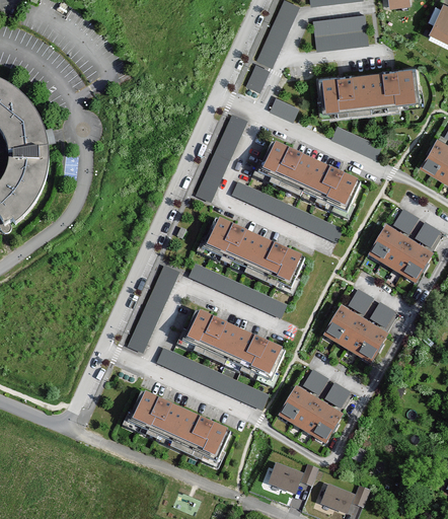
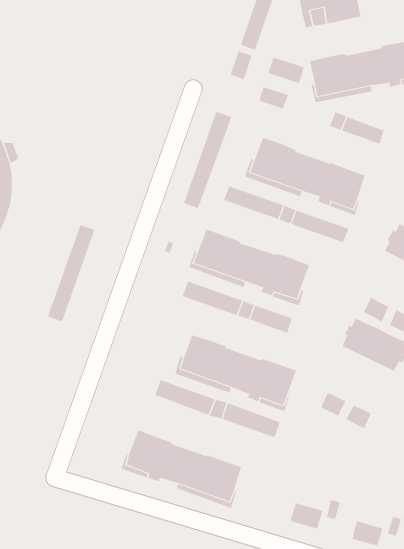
building: none -> [268,57,305,84]
building: [130,266,178,351] -> [47,224,95,322]
building: [282,387,342,439] -> none

